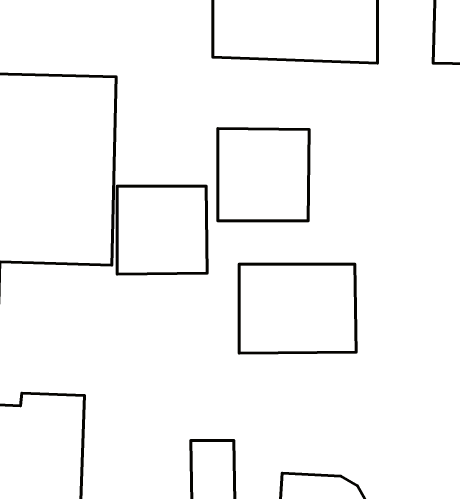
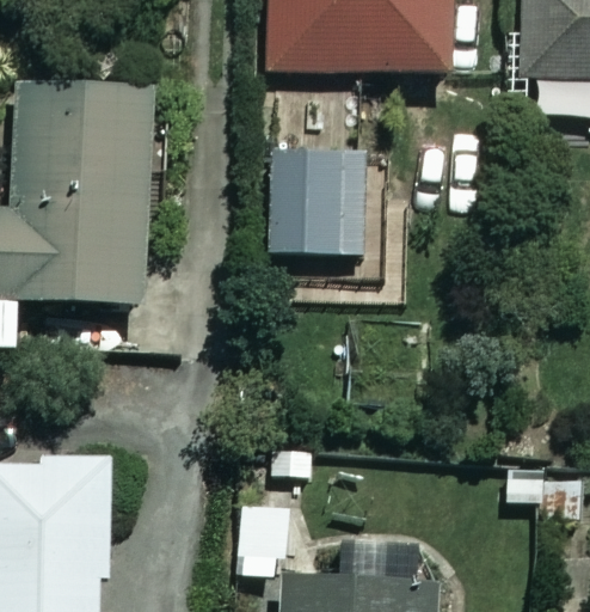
building: [117,186,207,274] -> none
building: [239,264,356,353] -> none

